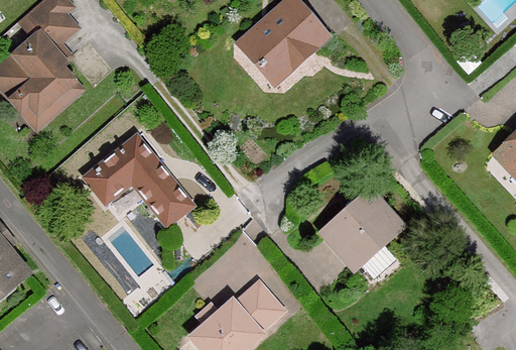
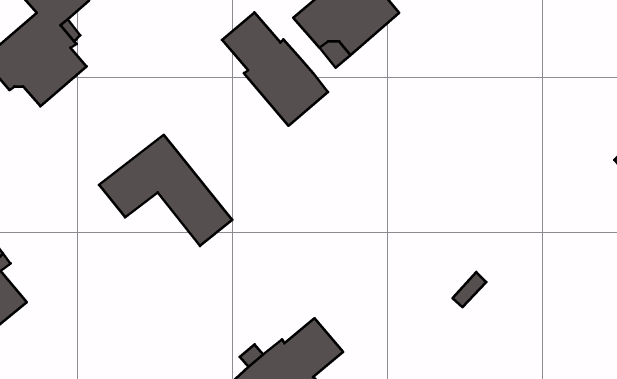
building: none -> [222,12,328,126]
building: [12,81,81,128] -> none
building: [327,193,403,267] -> none

